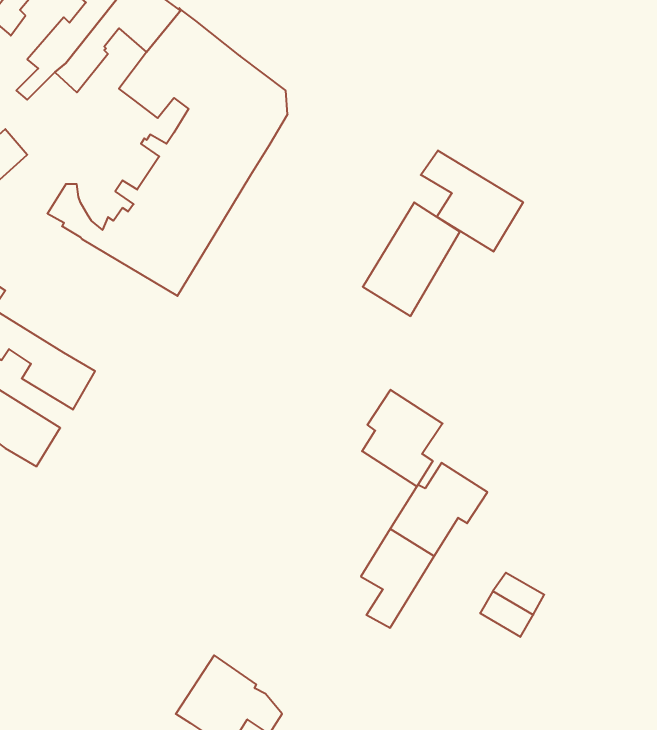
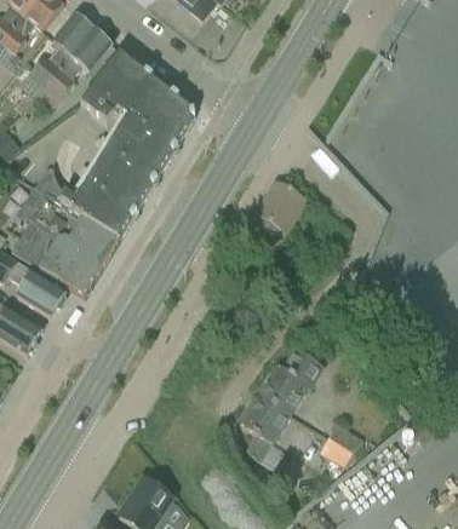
building: [421,150,523,252] -> none
building: none -> [8,194,119,294]
building: [362,390,443,486] -> none

